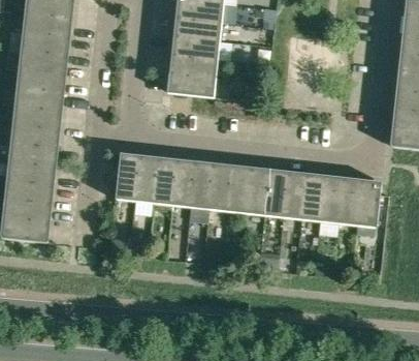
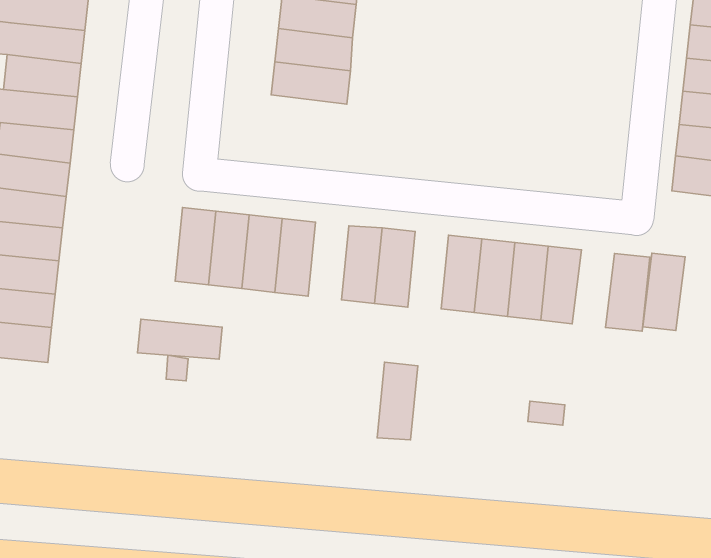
building: [190,162,213,206] -> none
building: [246,168,268,211] -> [377,362,418,440]
building: [337,178,361,221] -> [643,253,685,331]
building: none -> [138,319,222,359]

